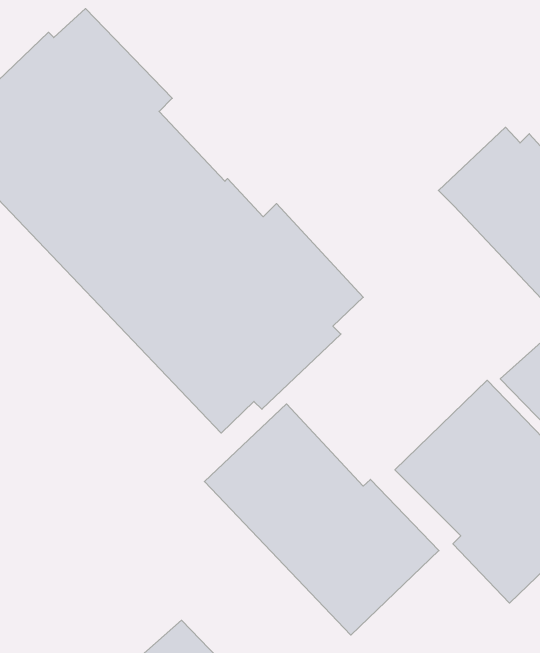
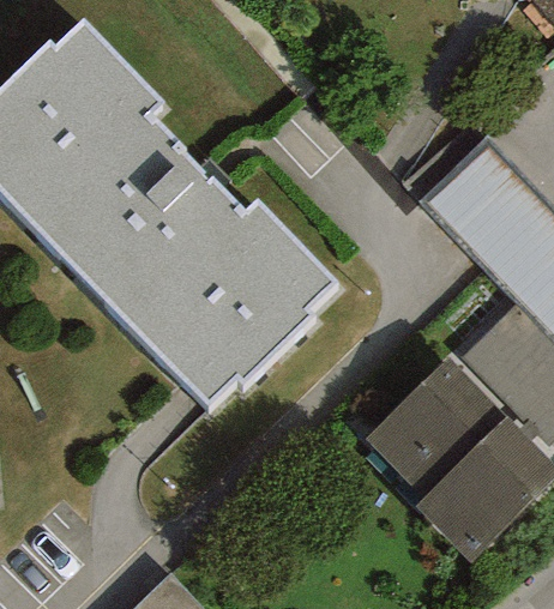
building: [204,404,439,635] -> none

